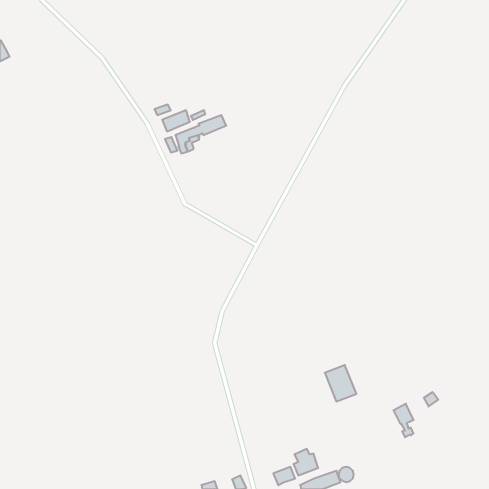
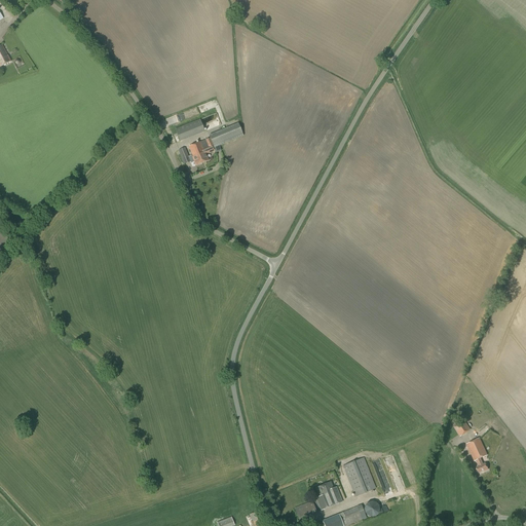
building: [325,365,356,401] -> [341,457,375,496]
building: [393,404,414,437] -> [465,437,487,473]

